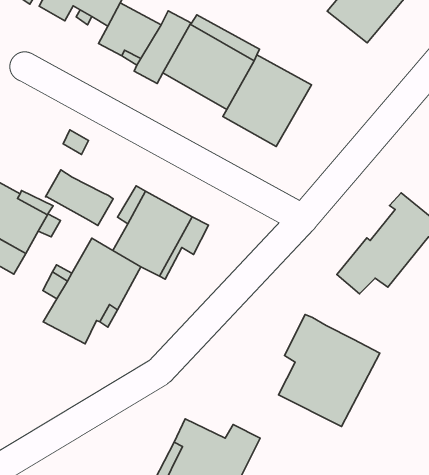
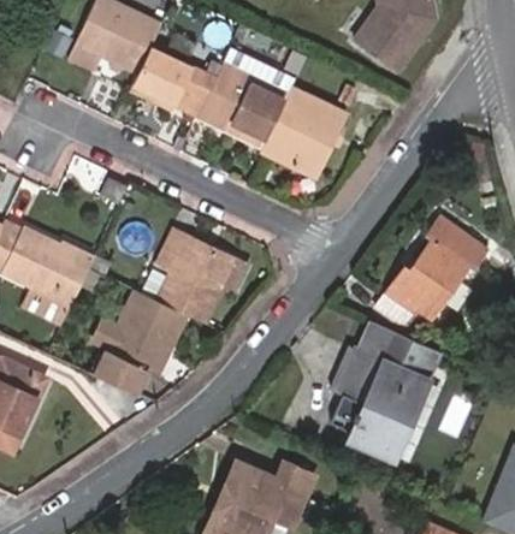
building: [45,170,113,226] -> none
building: none -> [360,320,420,369]

